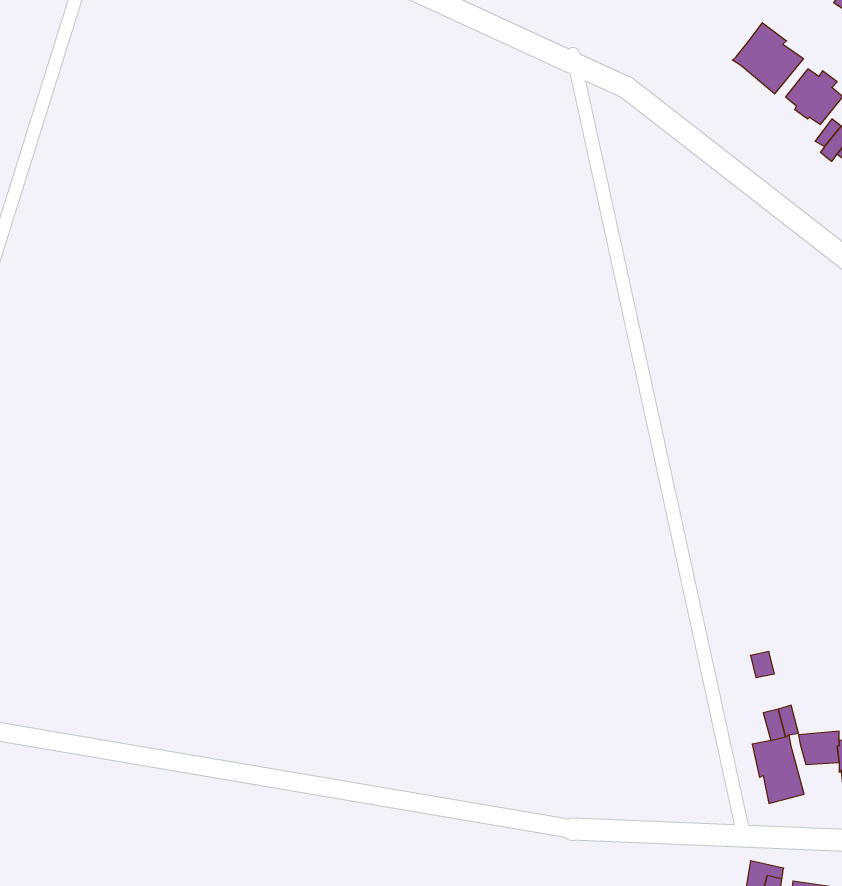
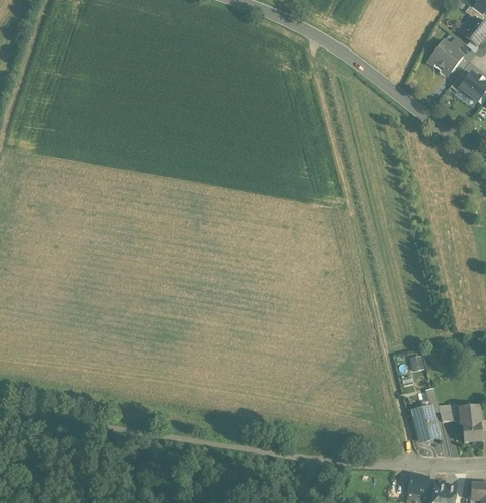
building: [732,23,803,94] -> none

